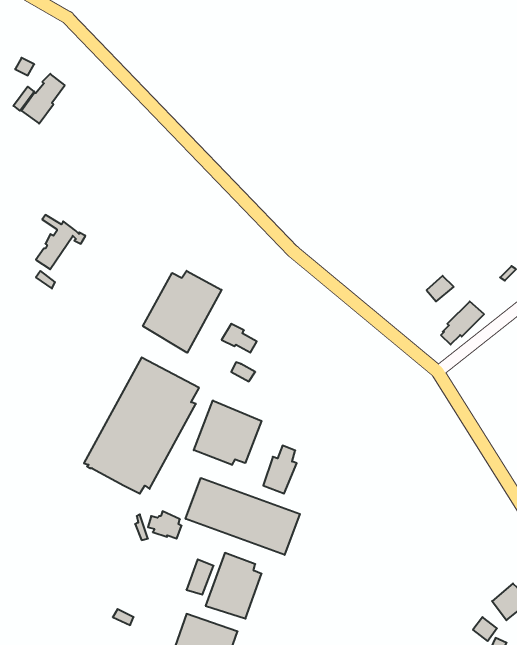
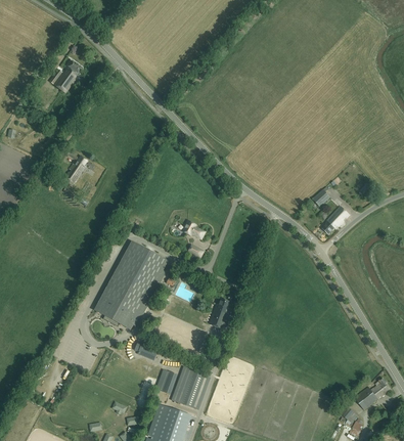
building: [143,271,222,353] -> none
building: [194,400,262,465] -> none
building: [186,478,300,555] -> none

